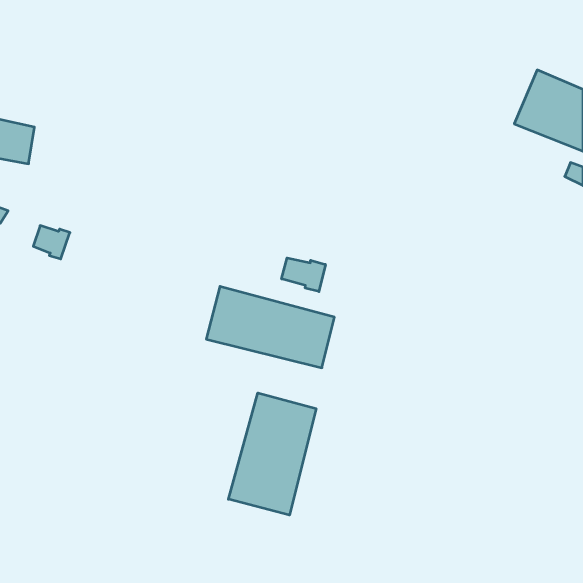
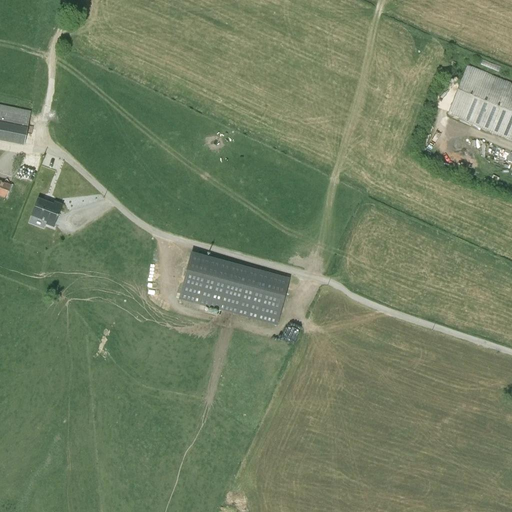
building: [282,258,325,292] -> none
building: [228,393,316,515] -> none

